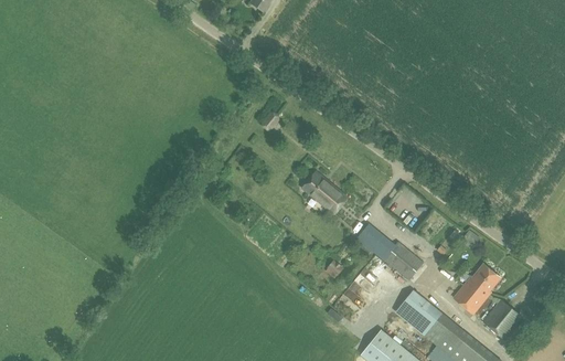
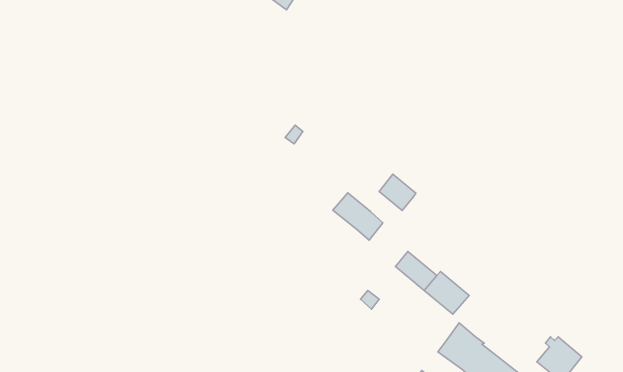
building: none -> [379,174,416,210]
building: [451,263,500,316] -> none

